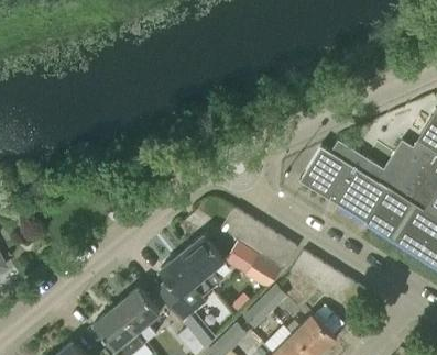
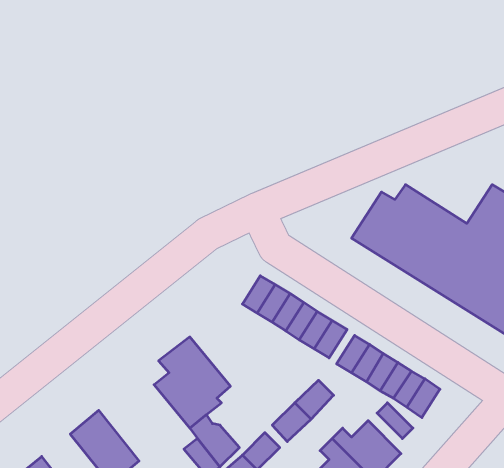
building: [182,234,226,289] -> none
building: [245,255,281,287] -> none
building: [114,288,160,344] -> none

